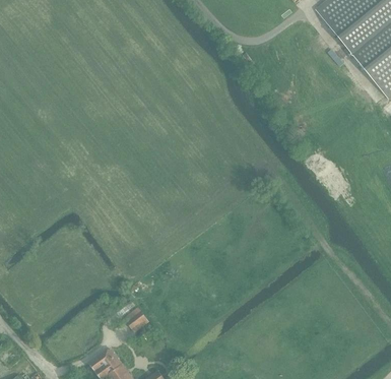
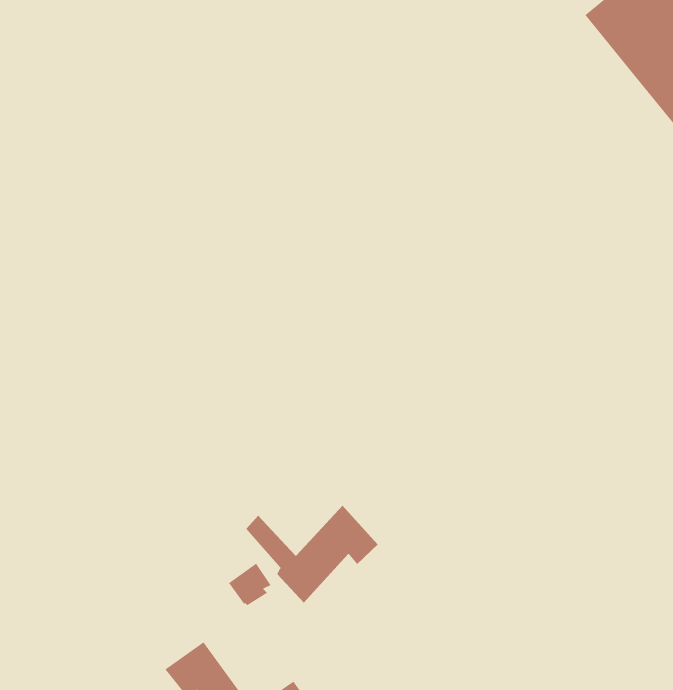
building: none -> [246,505,378,604]

